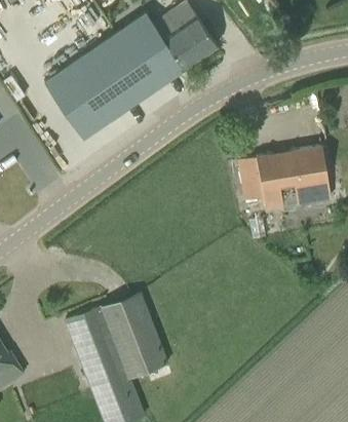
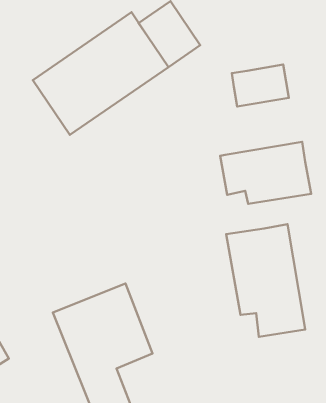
building: none -> [232,65,289,106]
building: none -> [226,224,305,337]

